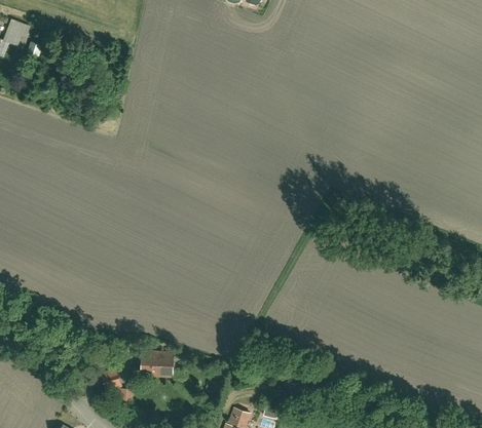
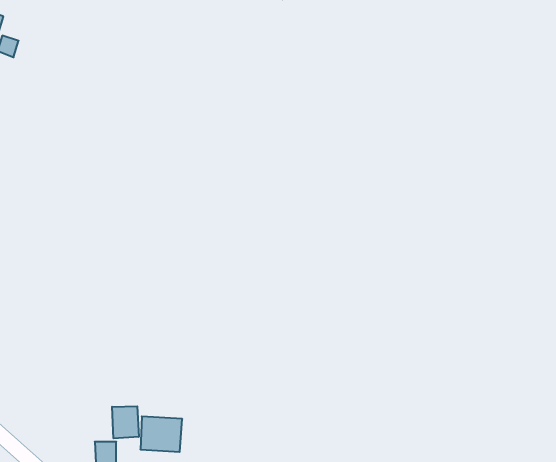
building: none -> [112,406,139,438]

